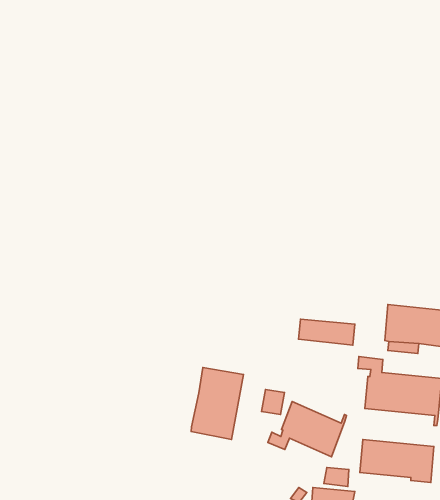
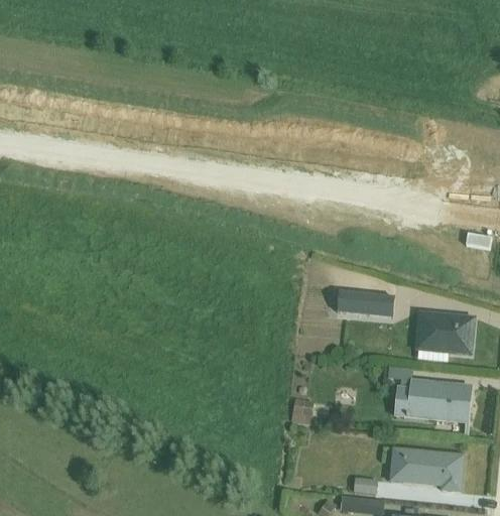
building: [299,319,355,345] -> [338,289,394,315]
building: [191,367,243,440] -> none
building: [268,402,347,457] -> none

